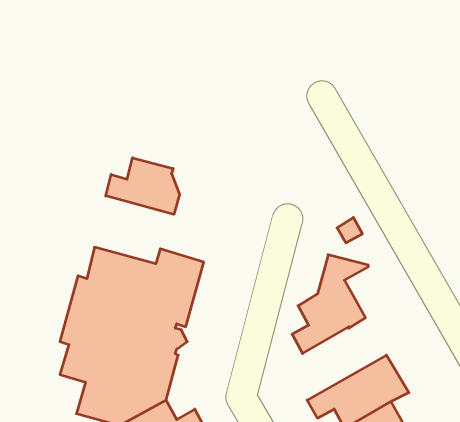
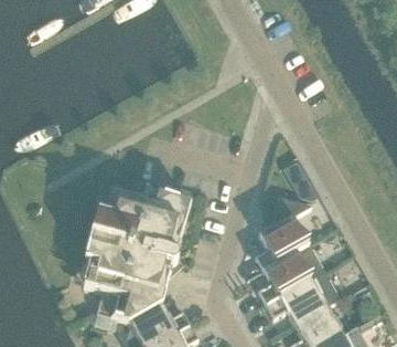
building: [106,158,180,214] -> none
building: none -> [257,242,323,303]

